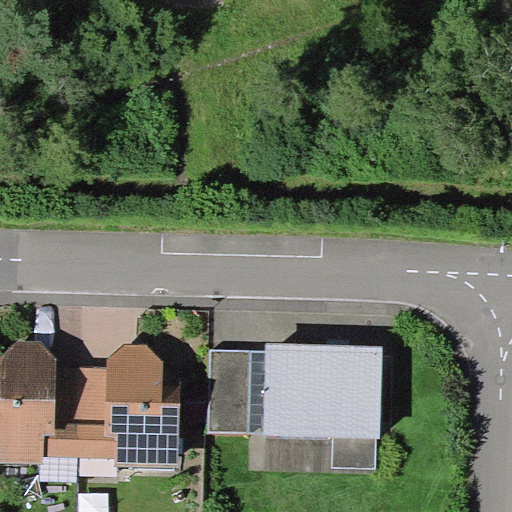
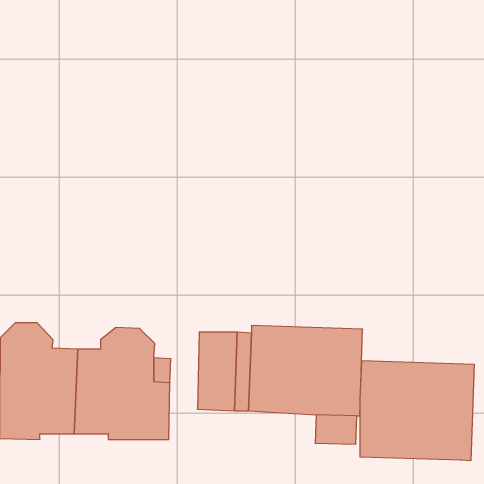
building: none -> [360,361,474,461]

